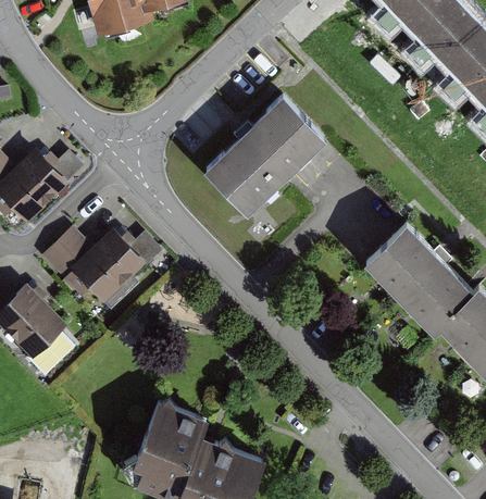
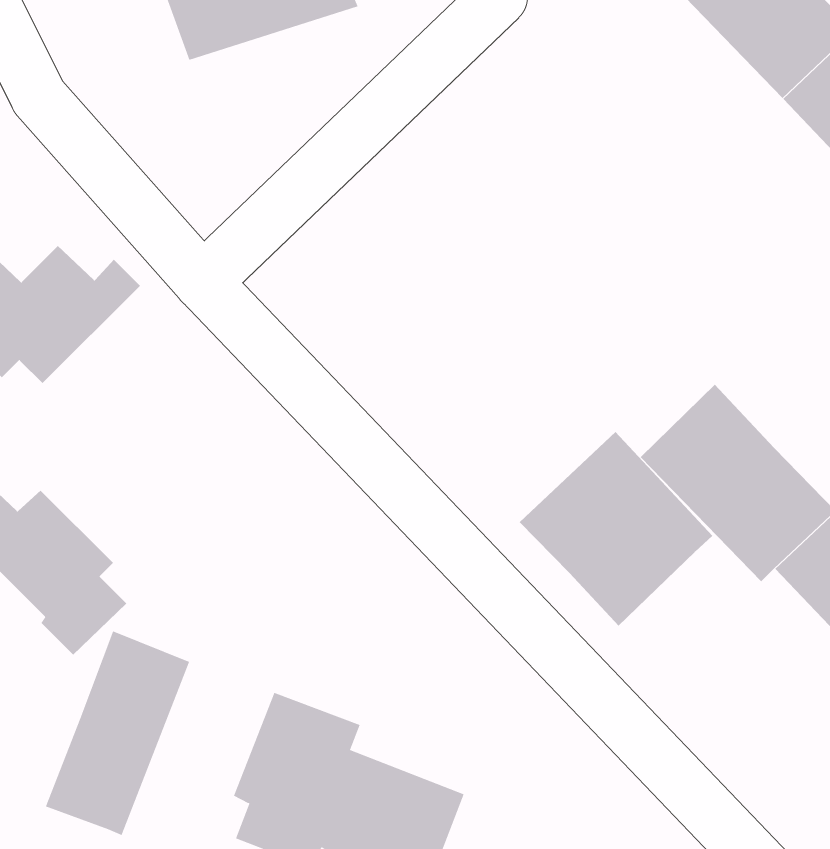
building: [203,100,323,217] -> none
building: [41,227,162,310] -> none
building: none -> [519,431,713,626]
building: none -> [45,631,190,836]

